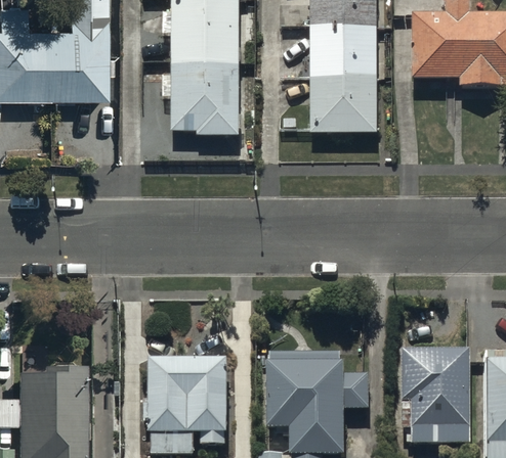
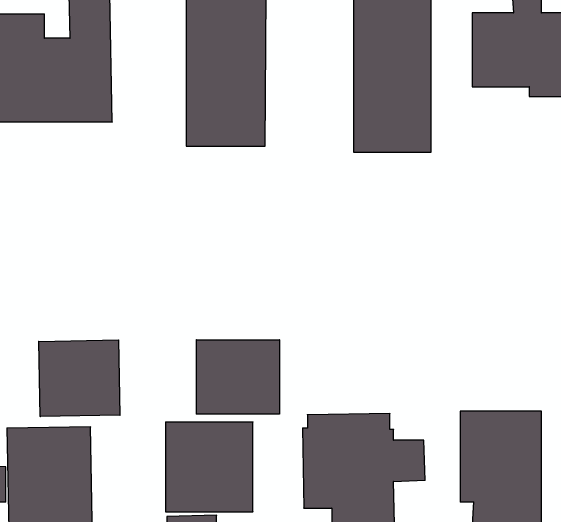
building: none -> [196,340,279,414]
building: none -> [39,340,120,417]

